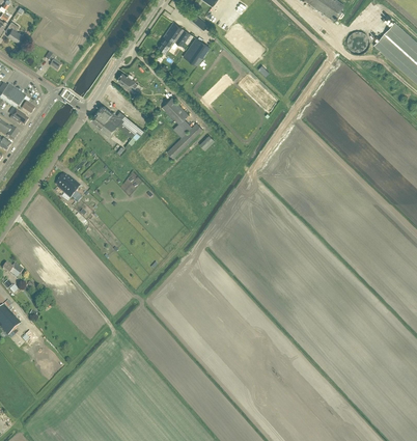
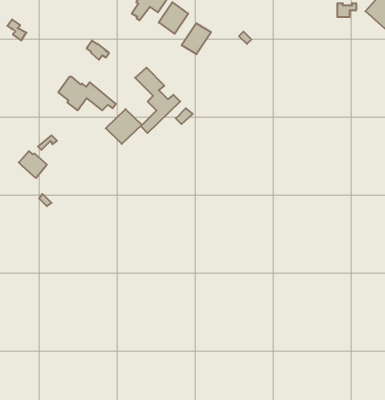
building: none -> [182,23,211,54]
building: none -> [106,109,142,144]

